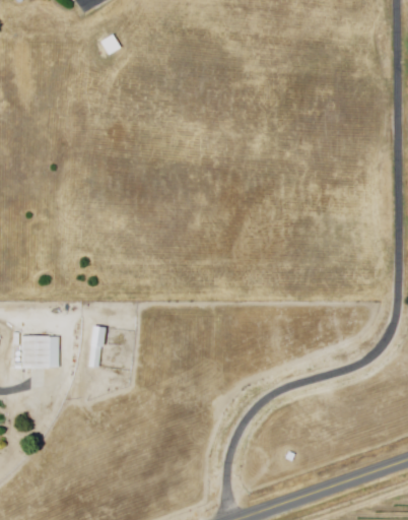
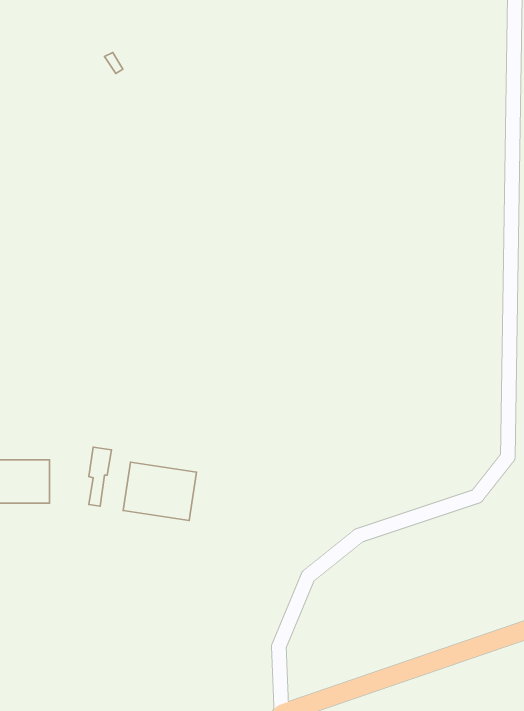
building: none -> [123,462,197,521]

